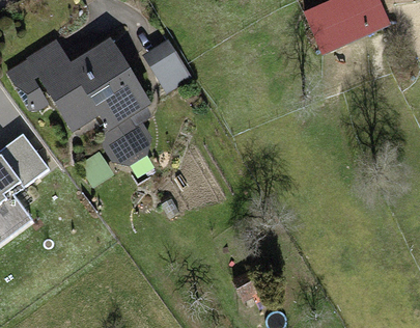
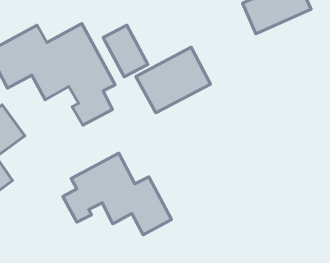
building: none -> [136,47,211,113]
building: none -> [63,153,171,235]

